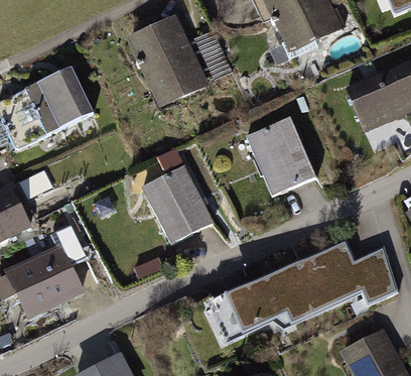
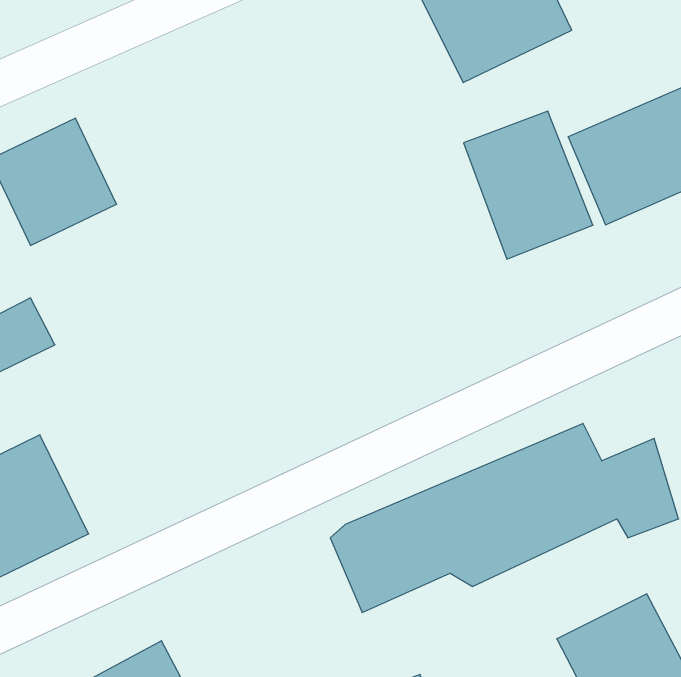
building: [124,14,209,108] -> none
building: [243,119,312,199] -> [464,111,593,259]
building: [136,166,211,246] -> none

